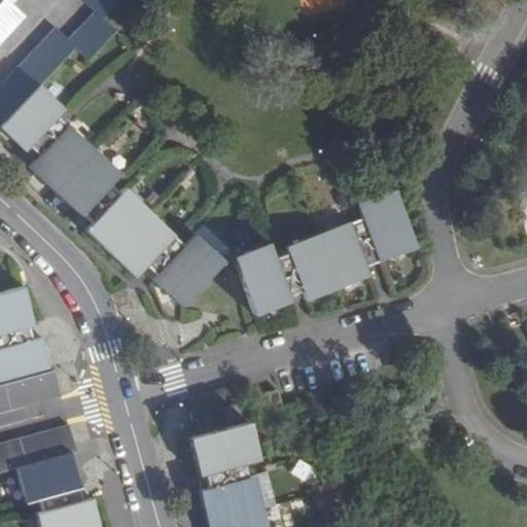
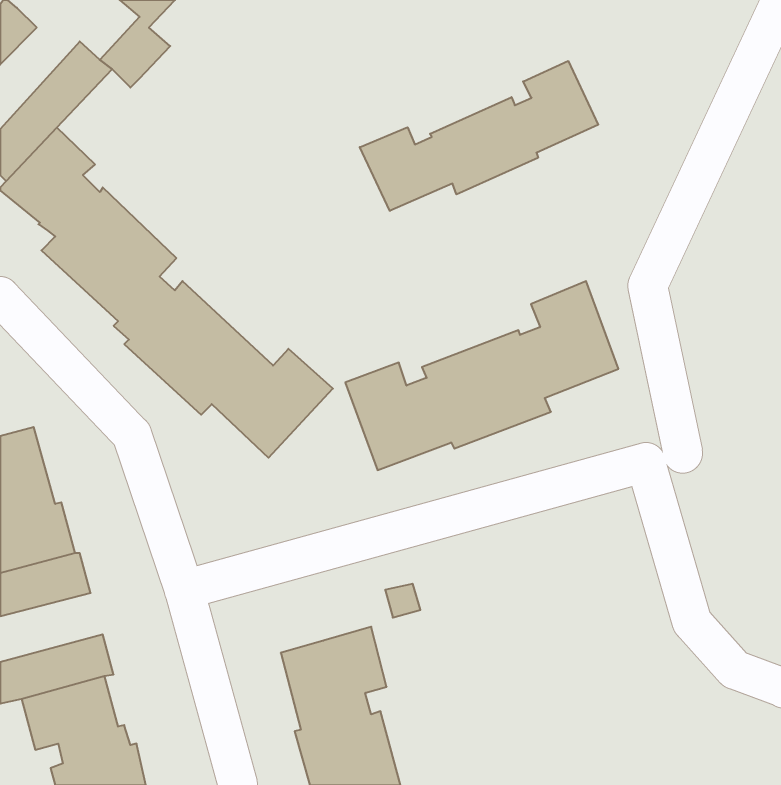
building: none -> [360,61,598,211]

